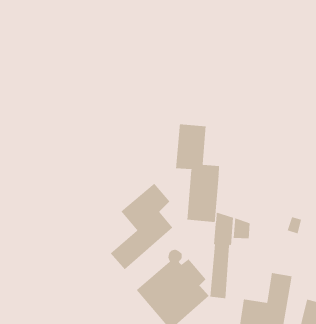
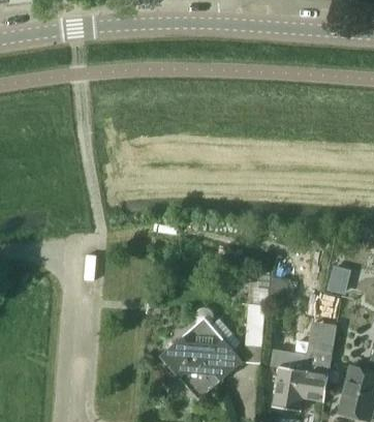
building: [175,124,220,223] -> none
building: [110,183,173,270] -> none

